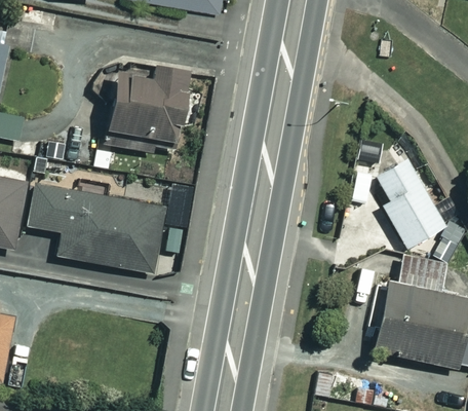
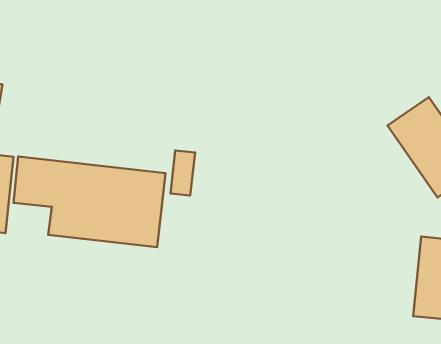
building: [105,66,192,174] -> none

